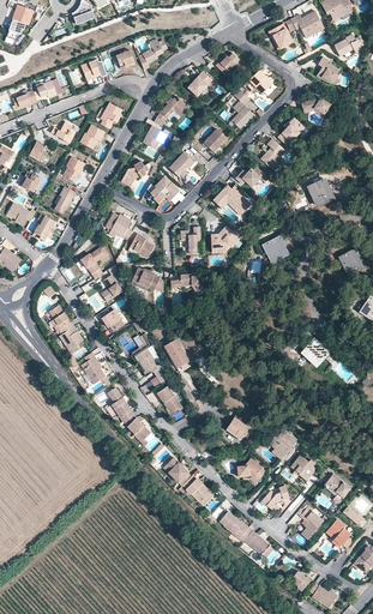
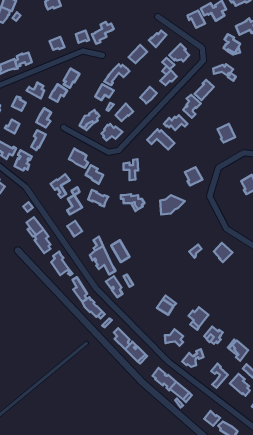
building: [211,228,245,254] -> [160,195,185,214]

